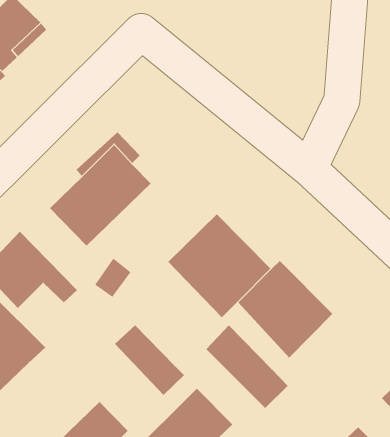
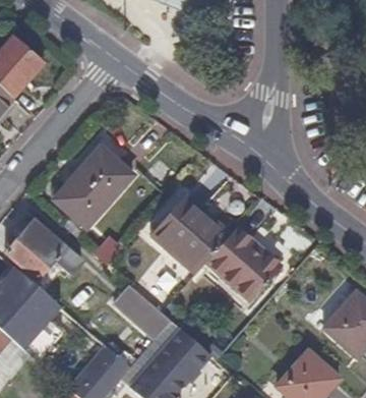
building: [206,325,288,409] -> none

